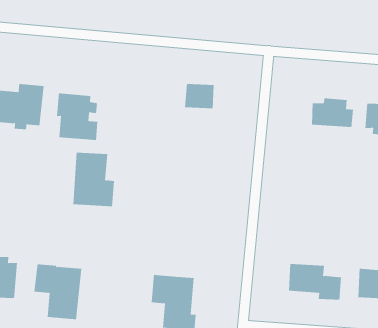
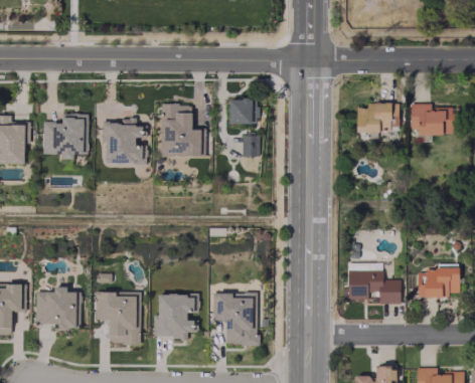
building: none -> [243,136,260,157]
building: [73,152,115,207] -> [160,104,201,157]
building: none -> [154,294,199,337]

